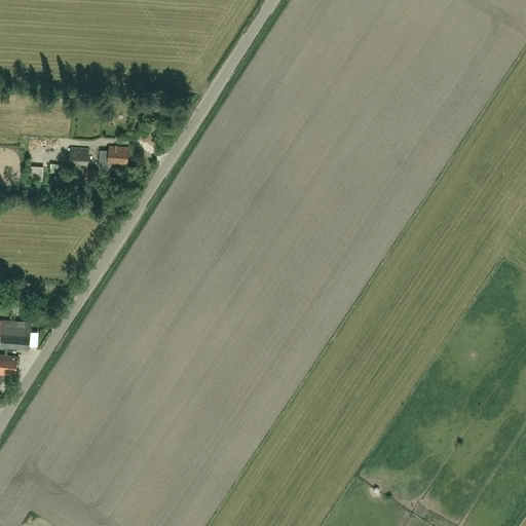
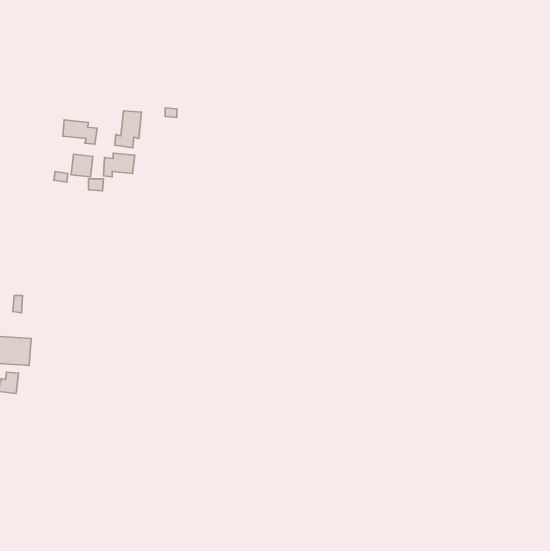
building: none -> [115,111,142,148]
building: none -> [63,120,97,144]

